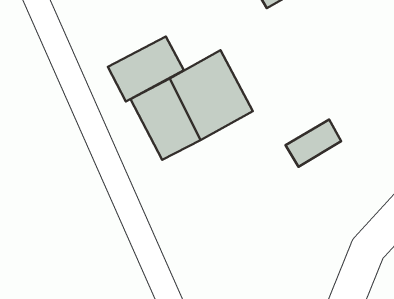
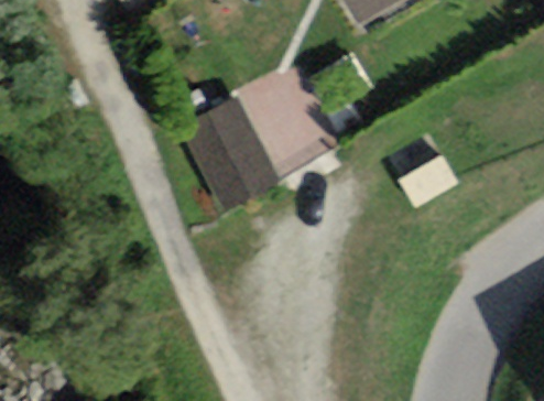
building: [108,37,184,101] -> none

